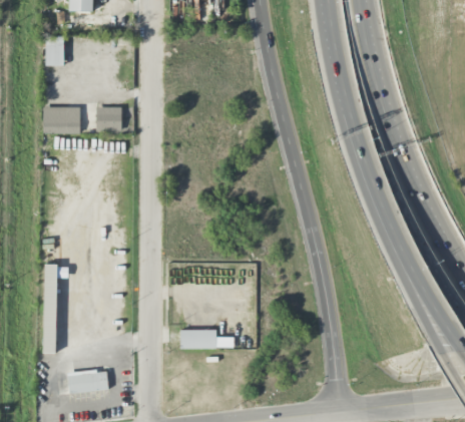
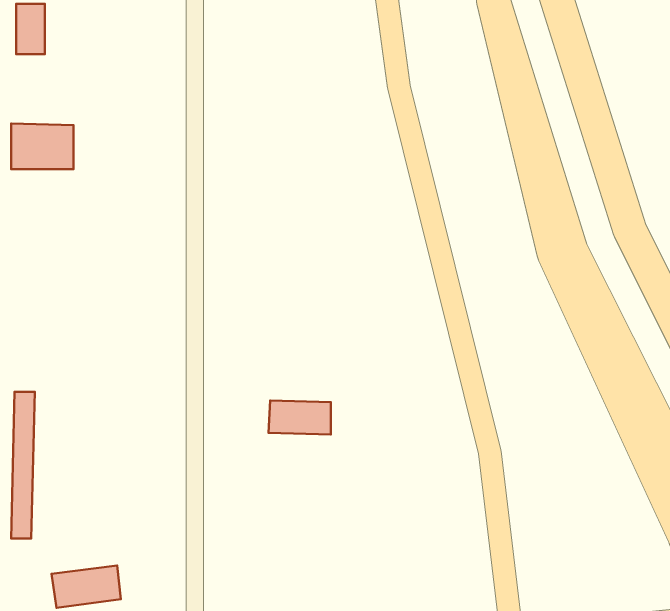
building: [97,106,122,131] -> none
building: [180,329,217,349] -> [268,401,331,434]

